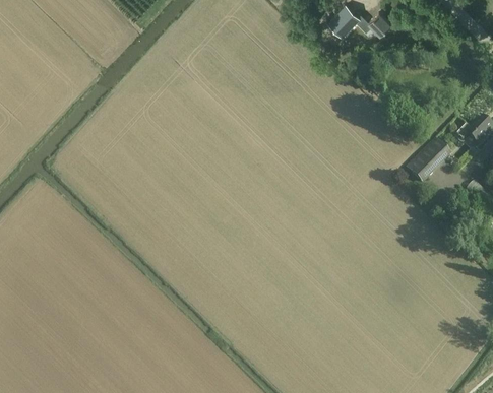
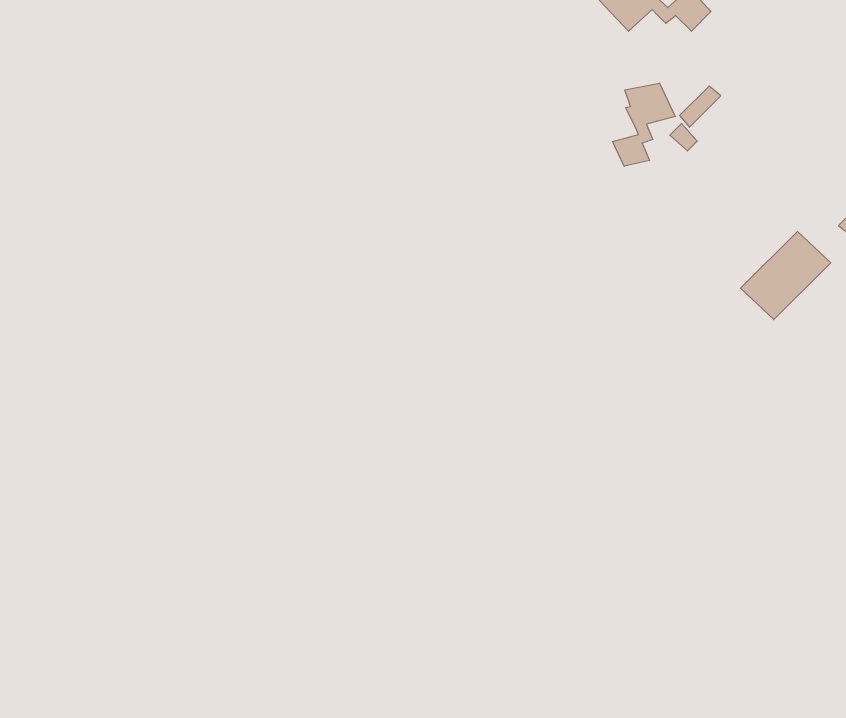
building: none -> [612,83,675,166]

